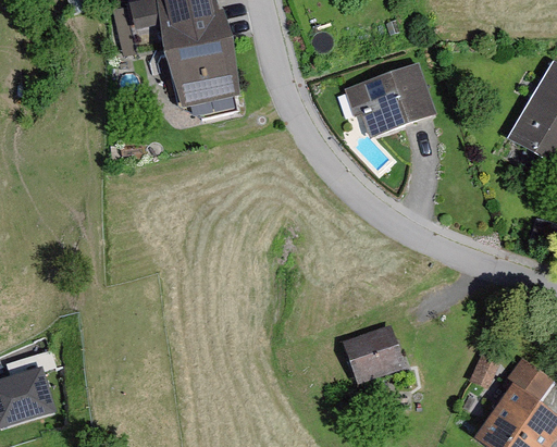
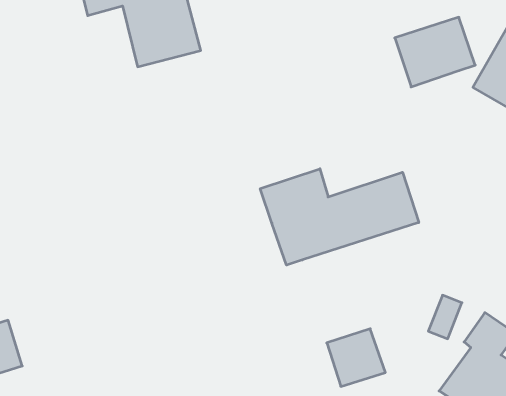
building: [355,63,435,133] -> [395,17,475,87]
building: none -> [260,169,419,265]
building: [345,325,404,383] -> [327,329,385,386]

